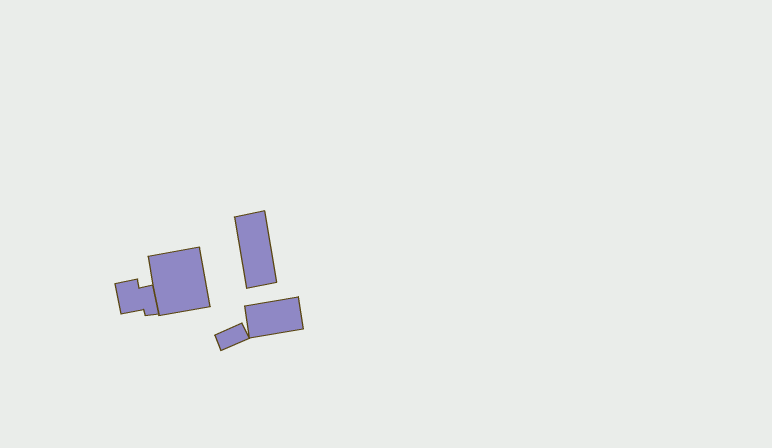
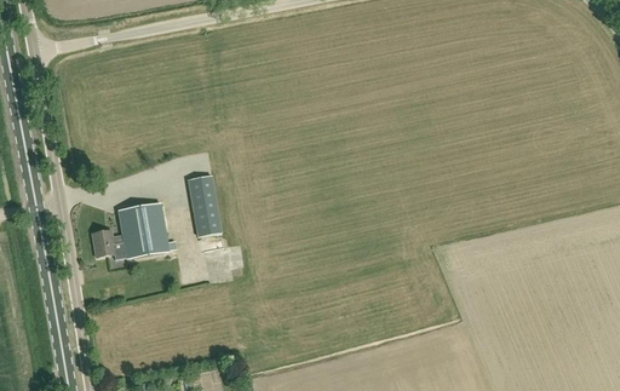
building: [245,297,303,338] -> none

